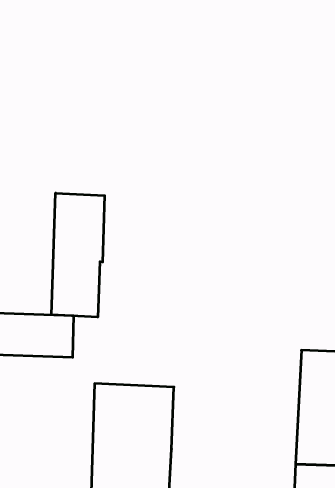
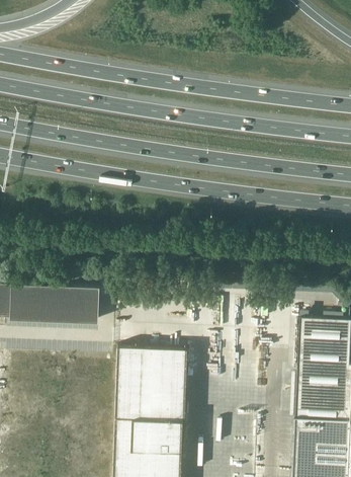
building: [51,193,105,317] -> none

